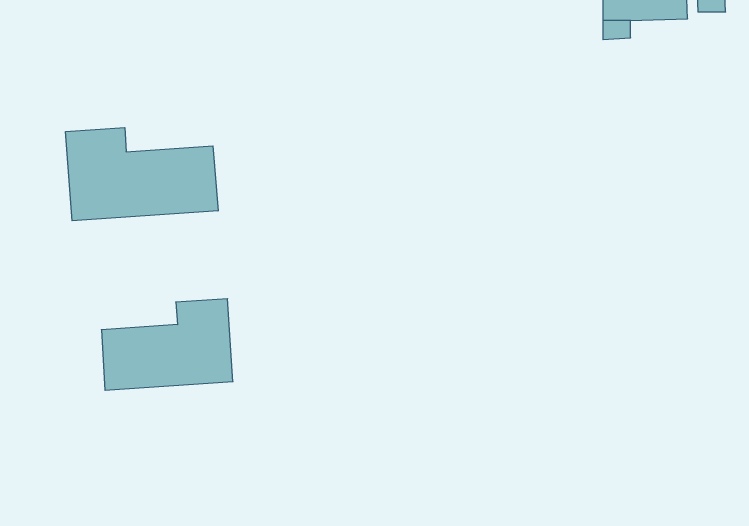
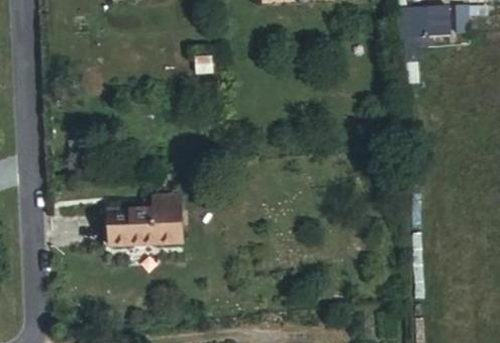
building: [66,128,218,221] -> none

